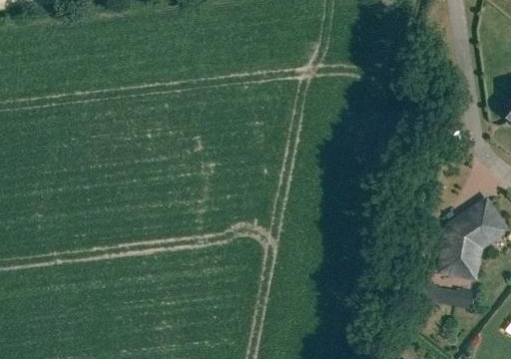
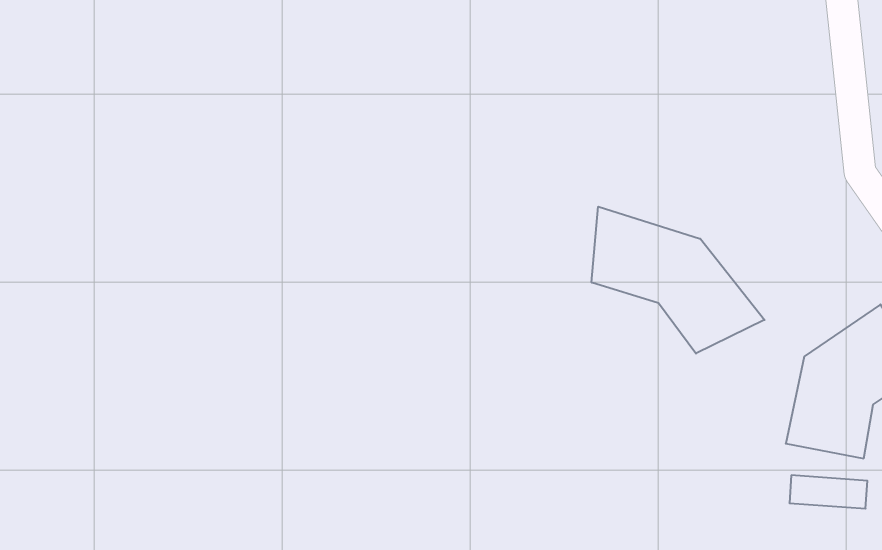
building: none -> [592,207,765,354]

